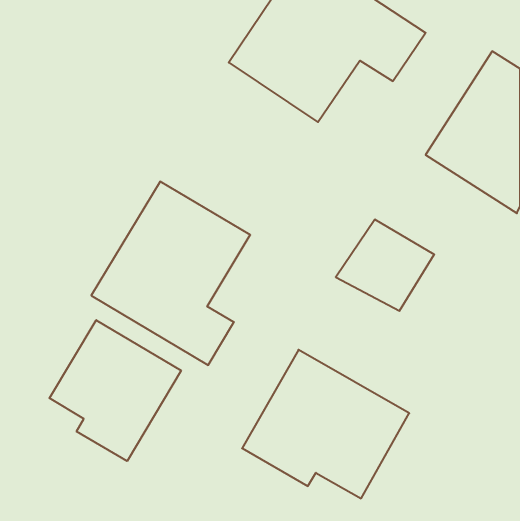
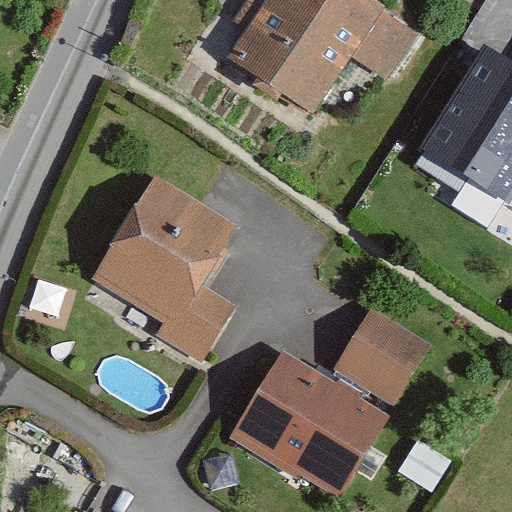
building: [336,220,434,311] -> [335,302,431,391]
building: [49,320,181,461] -> none

